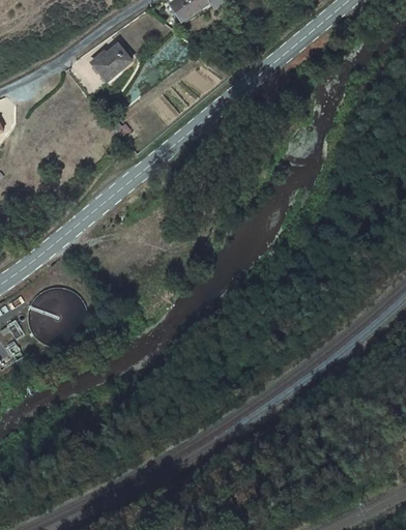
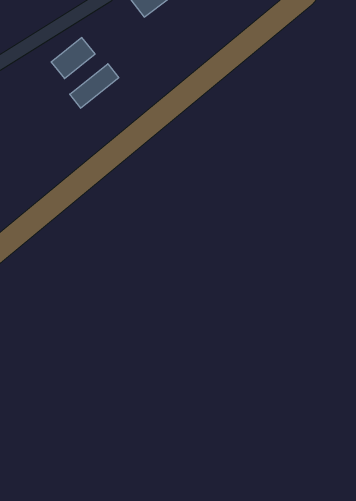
building: none -> [70,64,119,108]

